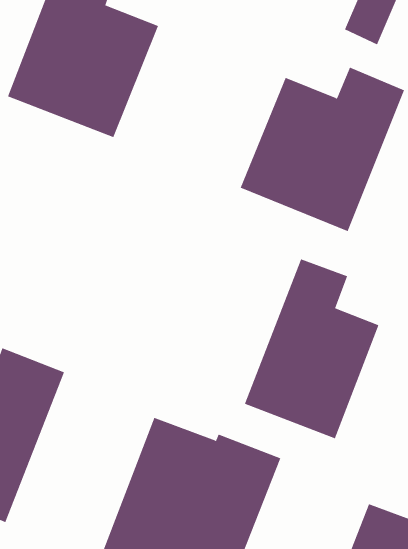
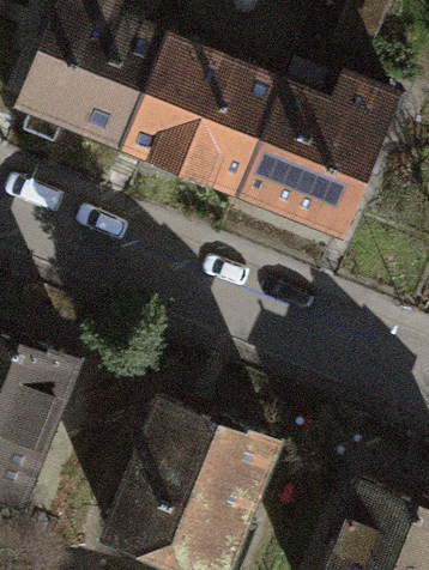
building: none -> [123,44,283,195]
building: [244,258,379,439] -> none

